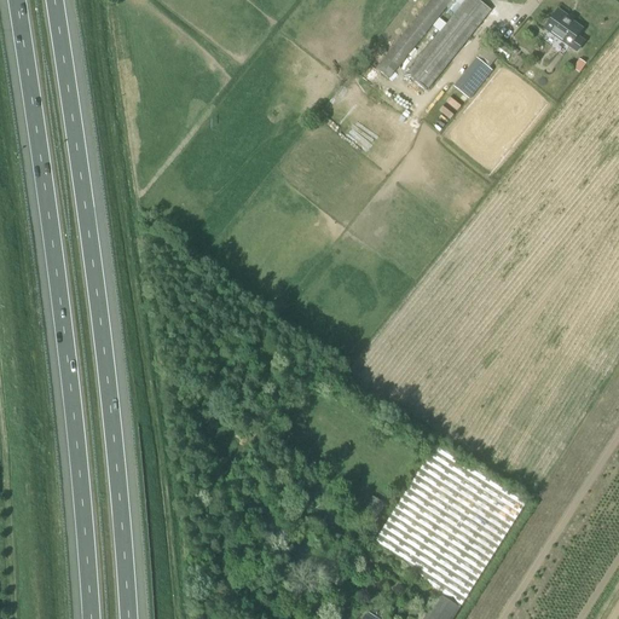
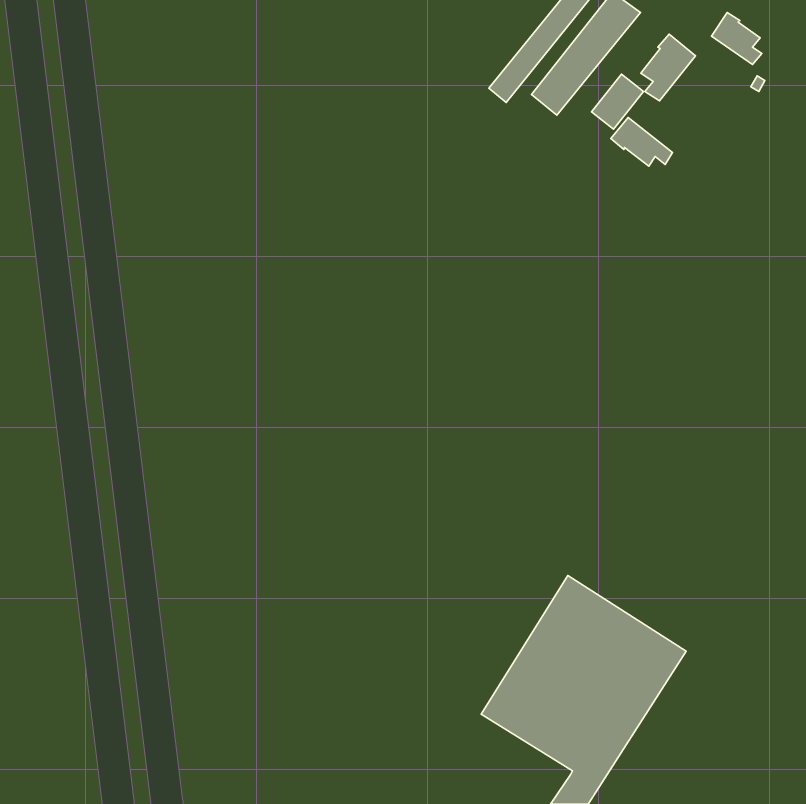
building: none -> [641,34,695,101]
building: none -> [611,118,673,166]

